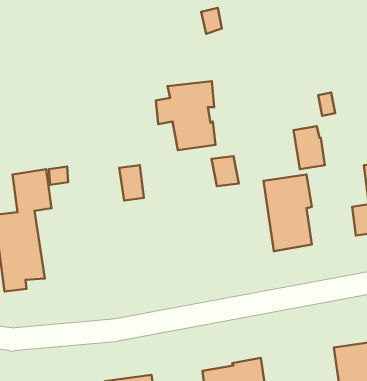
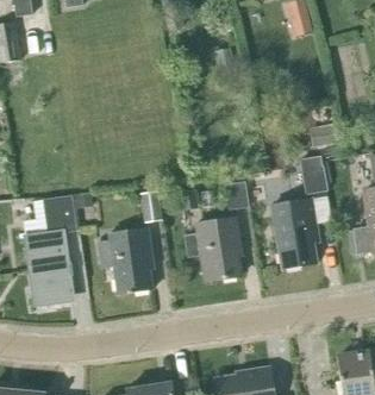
building: [156,81,216,150] -> [186,217,240,280]
building: none -> [99,227,154,293]

